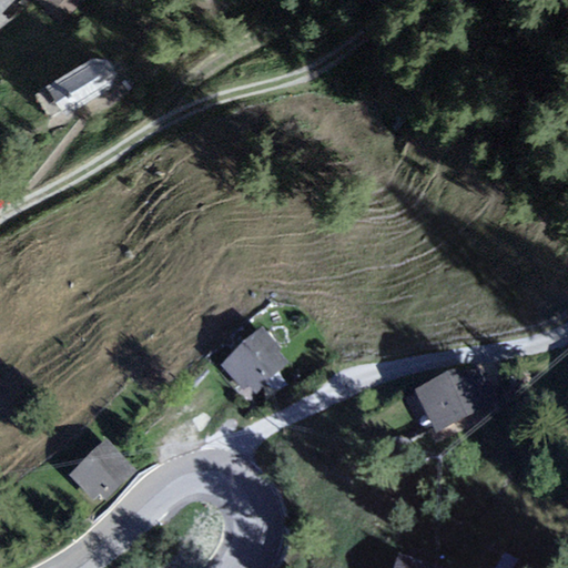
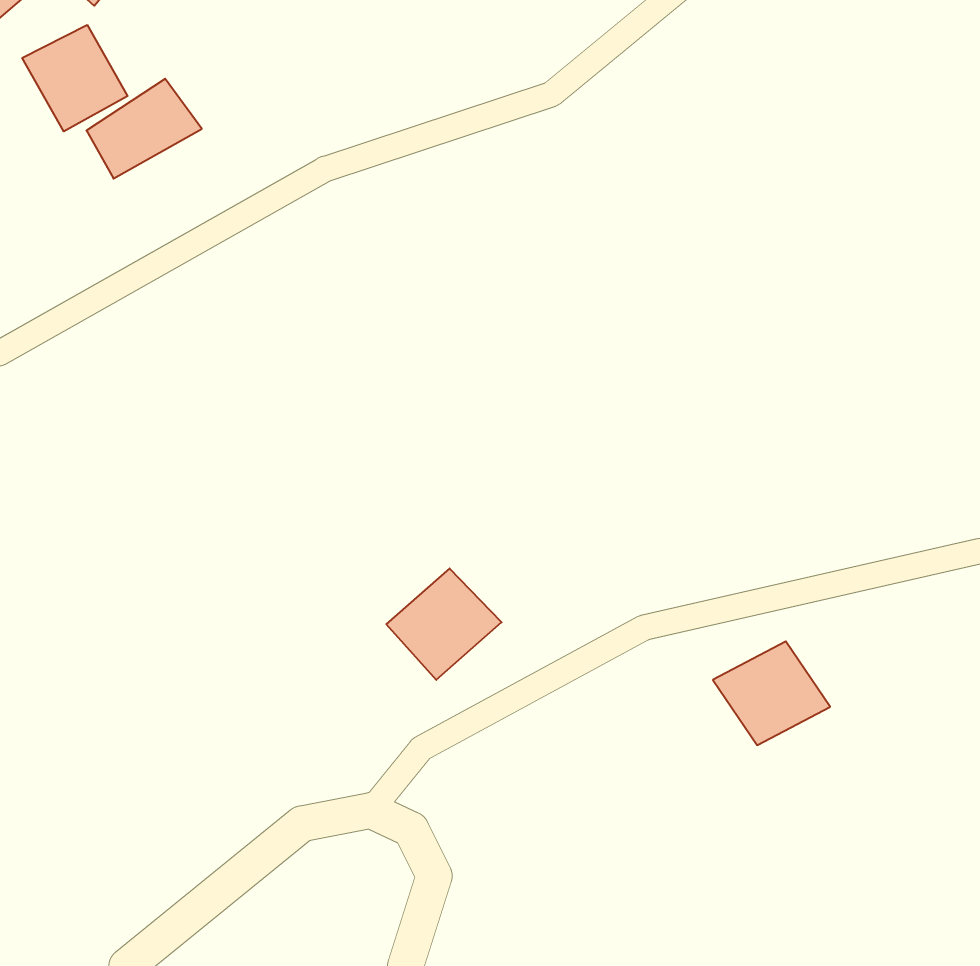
building: none -> [22,25,128,131]
building: [64,442,136,507] -> none

